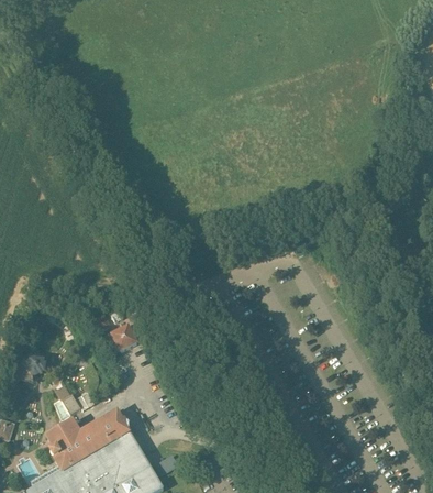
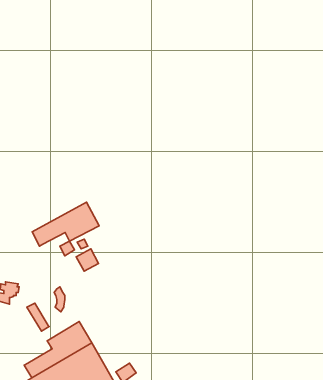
building: none -> [32,202,99,246]
building: [46,418,85,454] -> none

